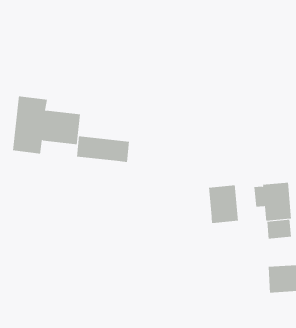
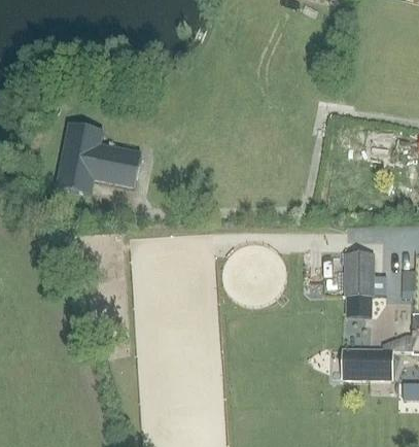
building: [76,135,130,163] -> none
building: [208,184,239,224] -> none

